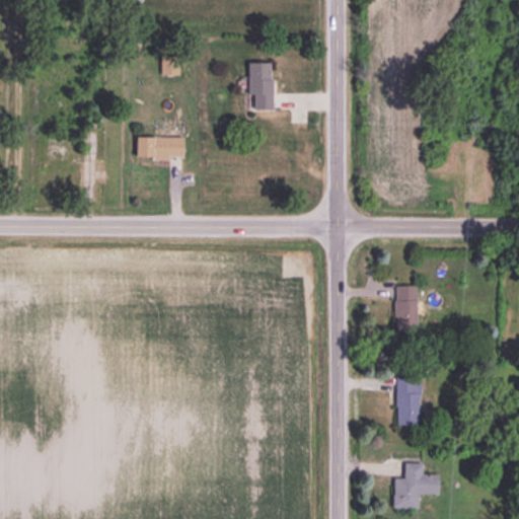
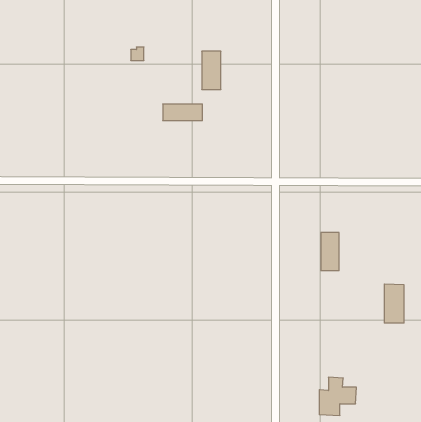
building: [136,138,184,158] -> [163,104,202,121]
building: [396,377,421,425] -> [384,284,404,323]

